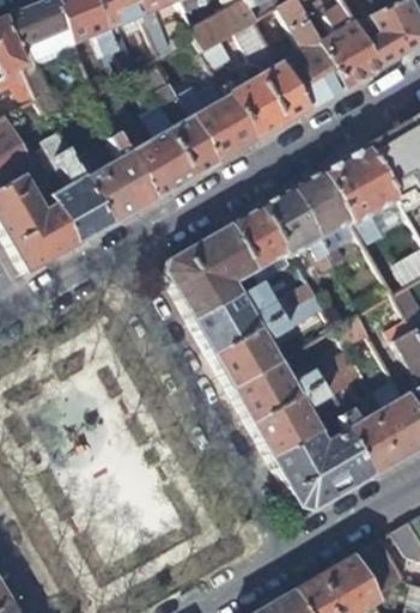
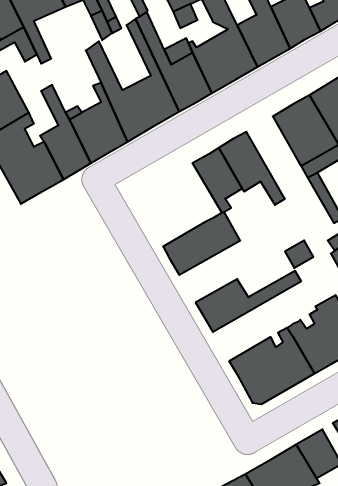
building: [292,170,353,267] -> none
building: [166,225,263,323] -> none
building: [213,297,324,389] -> none
building: [252,364,364,459] -> none

